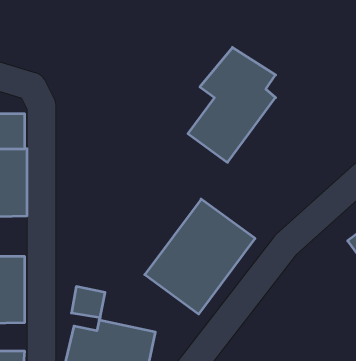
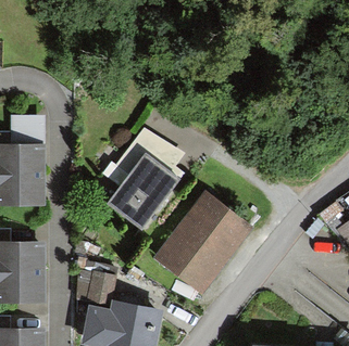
building: [188,47,276,162] -> [105,128,185,232]

